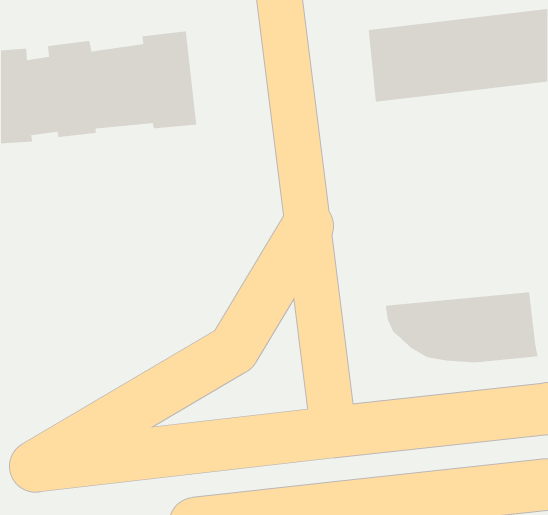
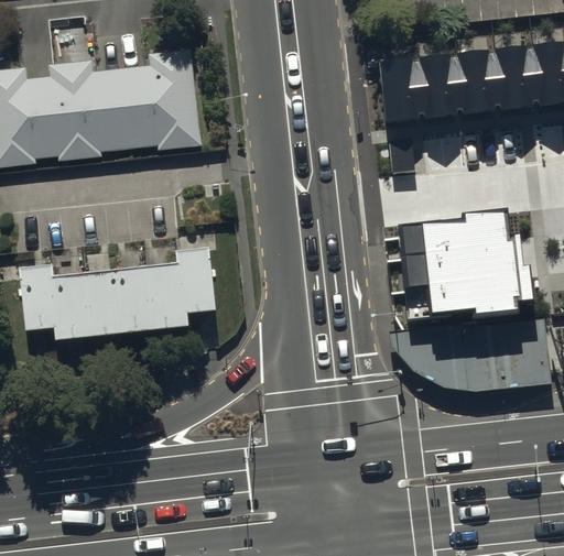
building: none -> [398,207,536,318]
building: none -> [19,248,216,341]

